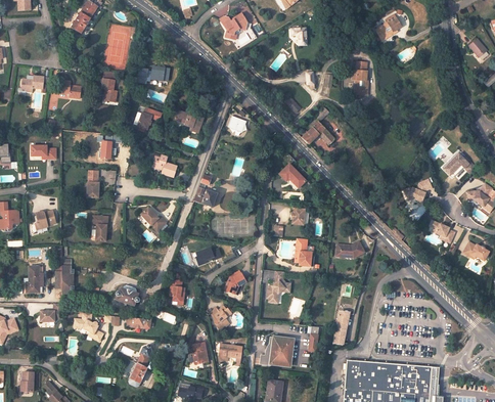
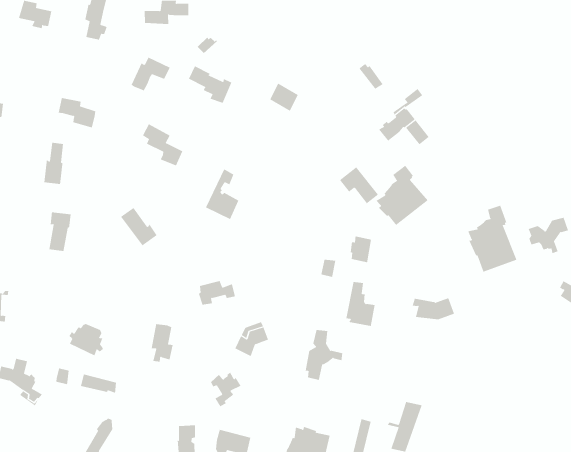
building: [352,61,368,97] -> none
building: none -> [375,165,428,226]
building: none -> [467,205,517,272]

